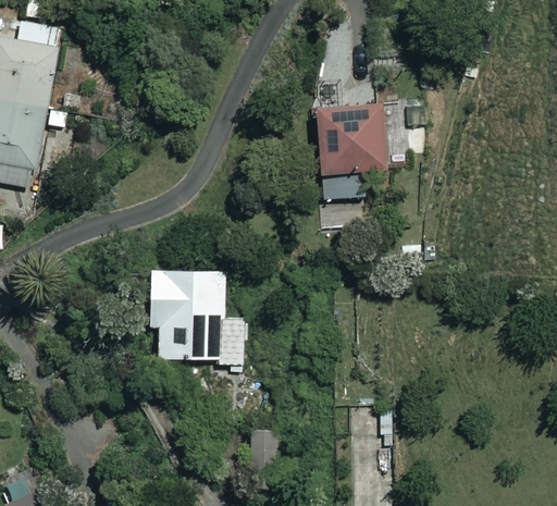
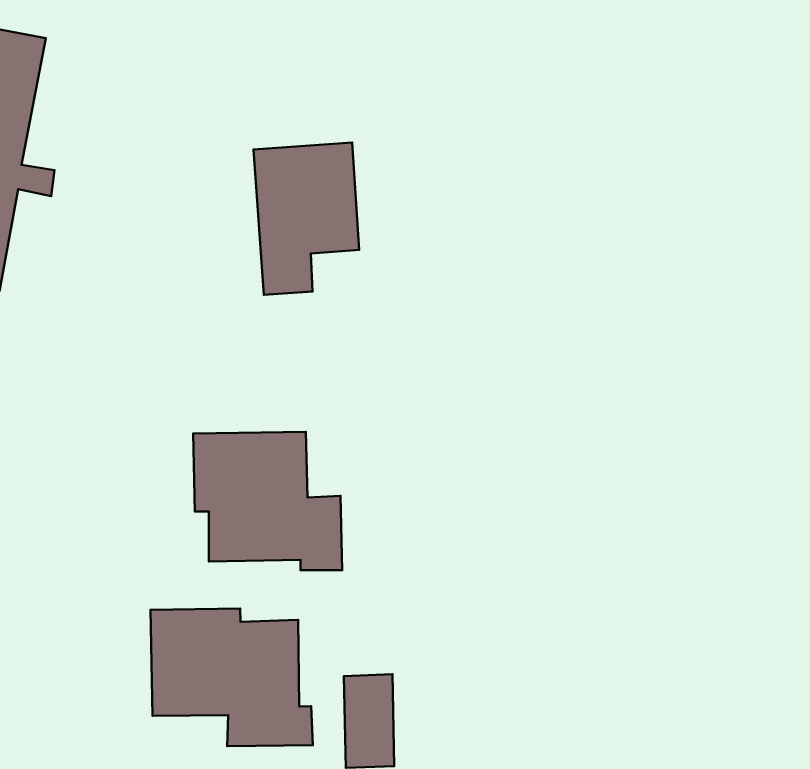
building: [318,104,384,200] -> [253,142,359,295]
building: none -> [151,609,313,746]

